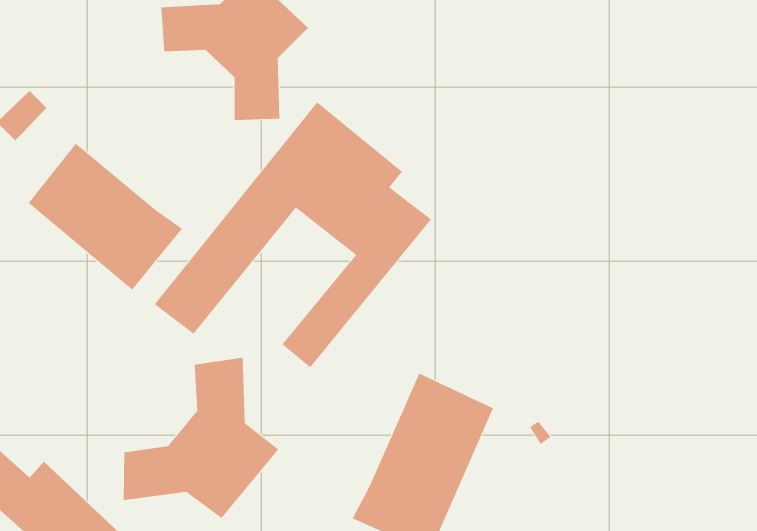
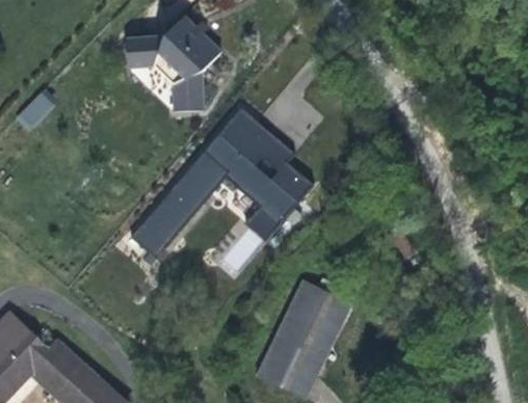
building: [28,143,183,290] -> none
building: [123,357,279,519] -> none

